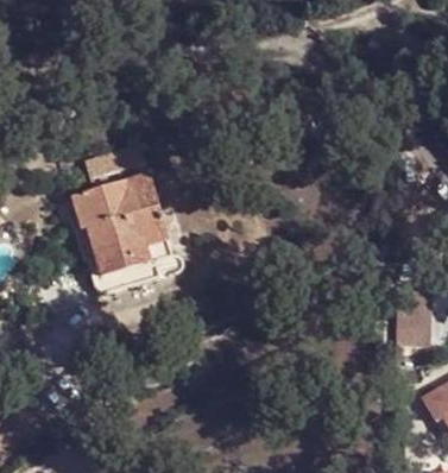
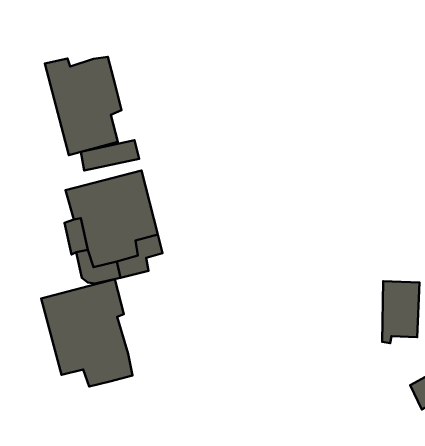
building: none -> [45,57,122,155]
building: none -> [41,279,133,387]

